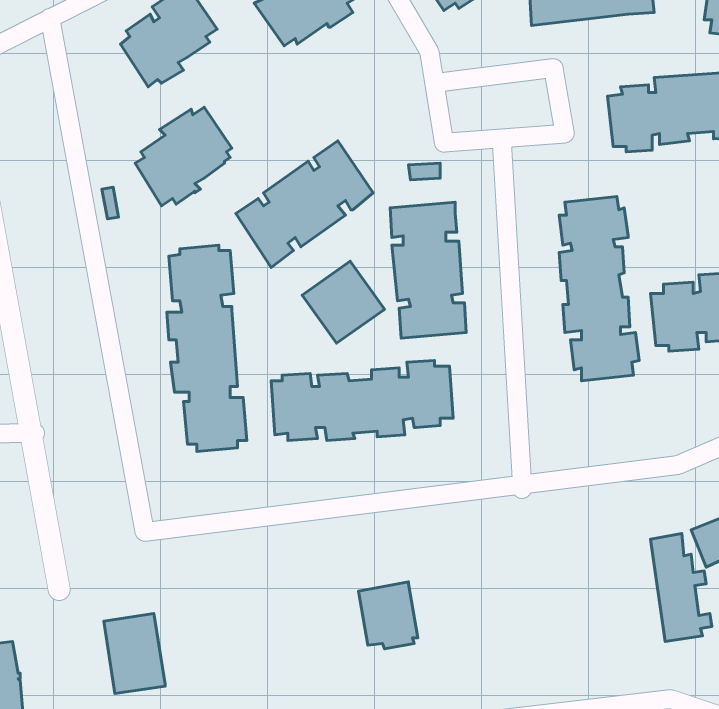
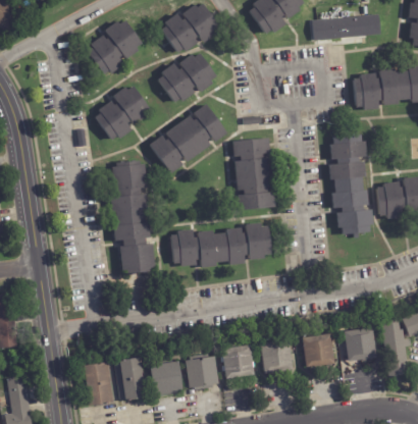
building: none -> [158,51,216,101]
building: [302,261,384,343] -> none
building: none -> [338,327,371,367]
building: none -> [300,333,332,367]
building: none -> [258,339,291,374]
building: none -> [180,357,214,390]
building: none -> [112,358,140,402]
building: none -> [143,361,176,396]

